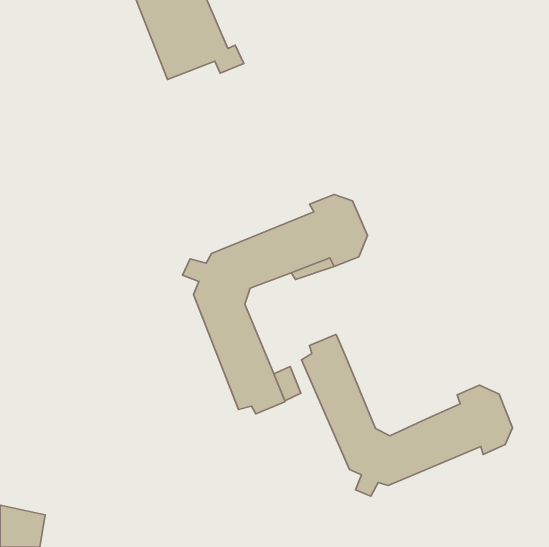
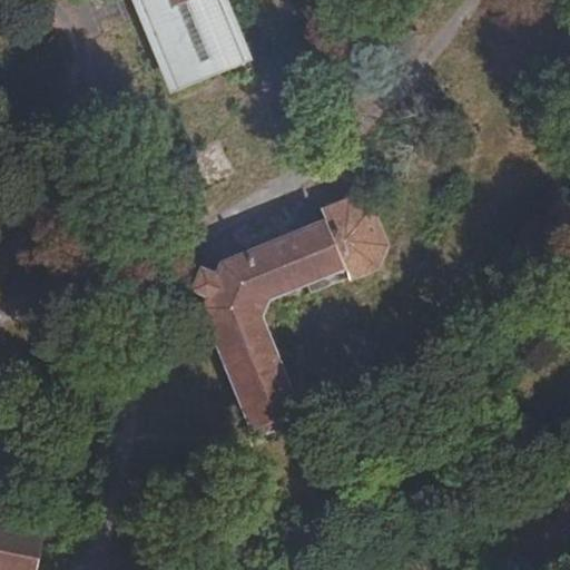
building: [301,334,513,496] -> none

